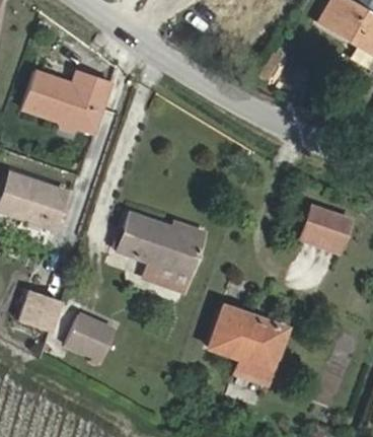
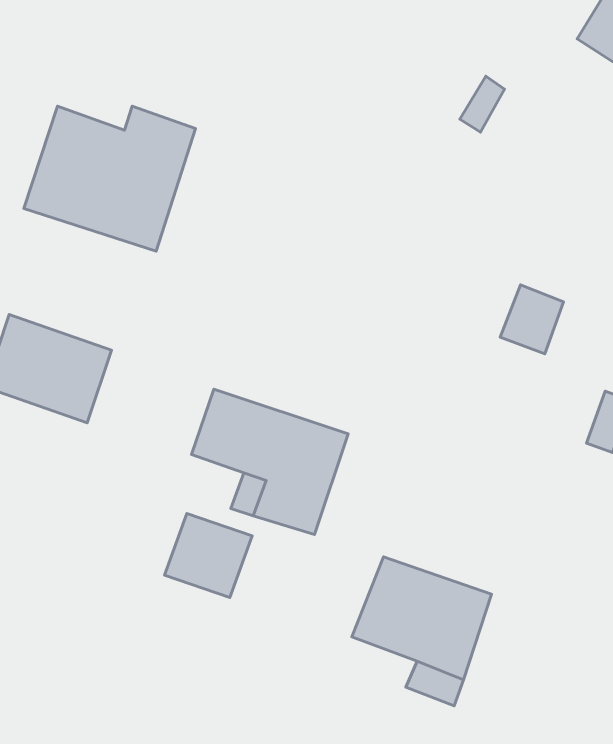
building: [303,205,338,242] -> [500,285,563,354]
building: [22,291,61,326] -> none
building: [69,317,117,363] -> [164,514,252,597]

